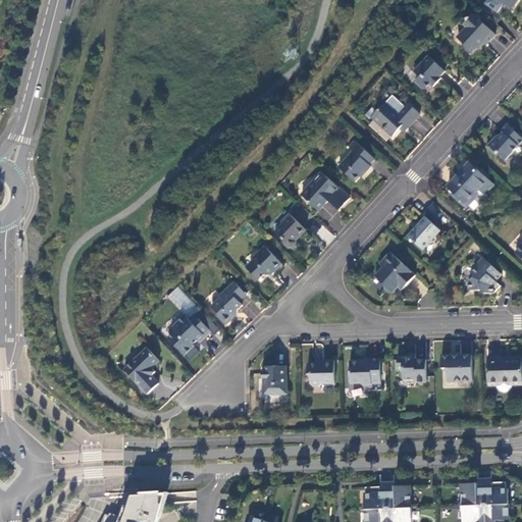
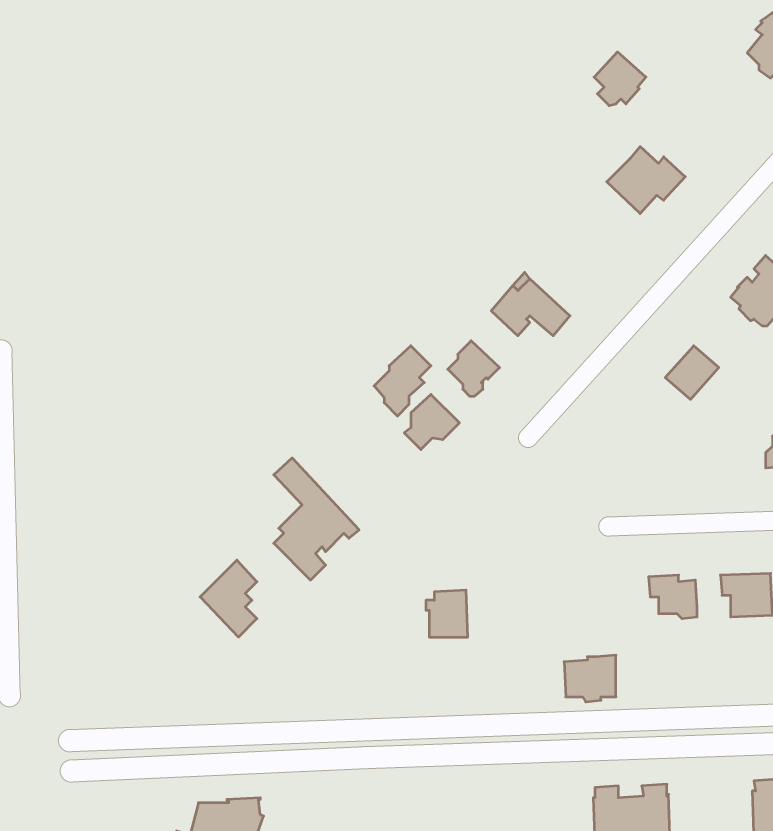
building: [413,55,445,88] -> [594,52,646,106]
building: [337,140,374,181] -> none
building: [374,252,415,292] -> none
building: [211,281,246,324] -> [374,346,431,416]
building: [349,357,380,385] -> [564,655,616,702]
building: [307,359,334,385] -> none

